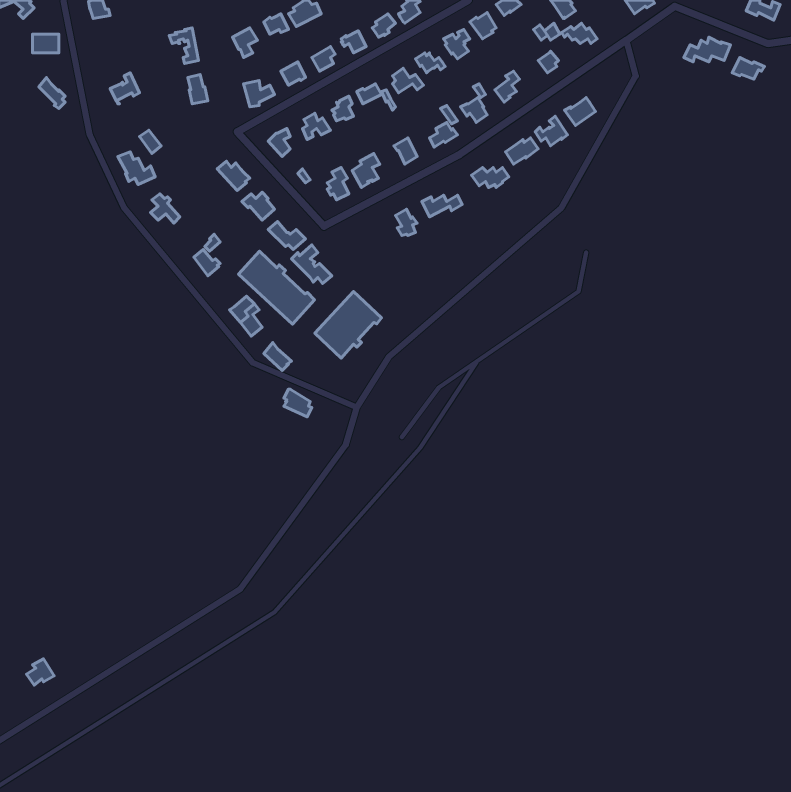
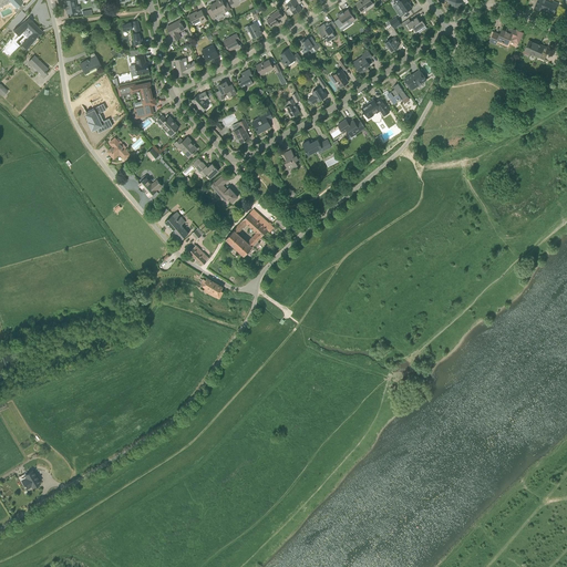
building: none -> [117,83,154,117]
building: [239,251,314,324] -> none

